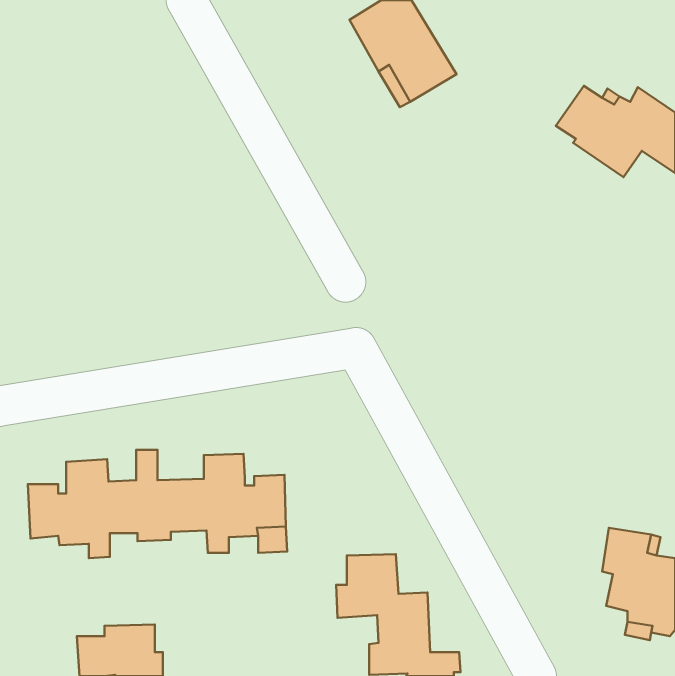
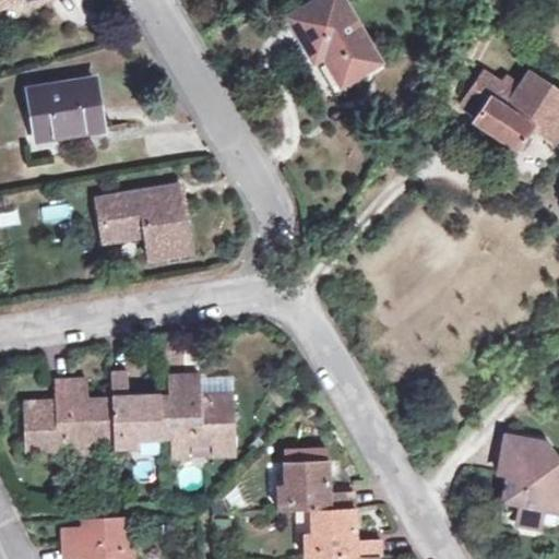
building: none -> [27,79,99,138]
building: none -> [97,186,189,259]

